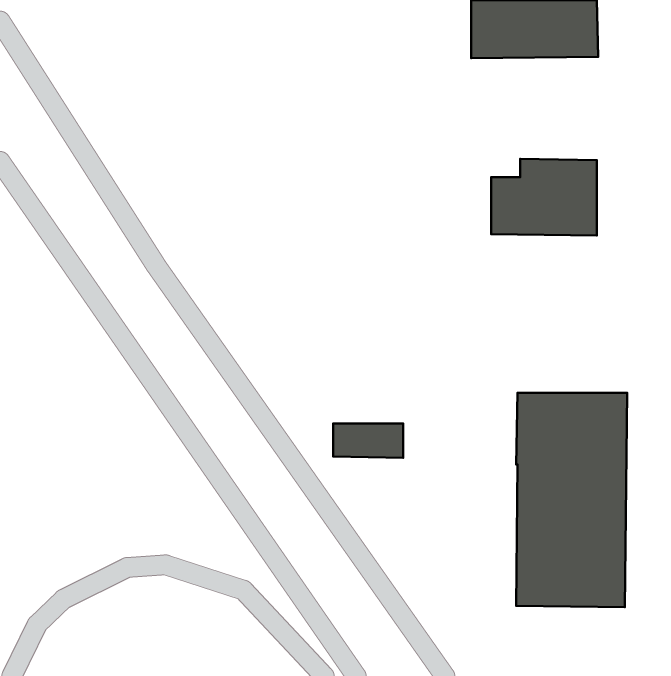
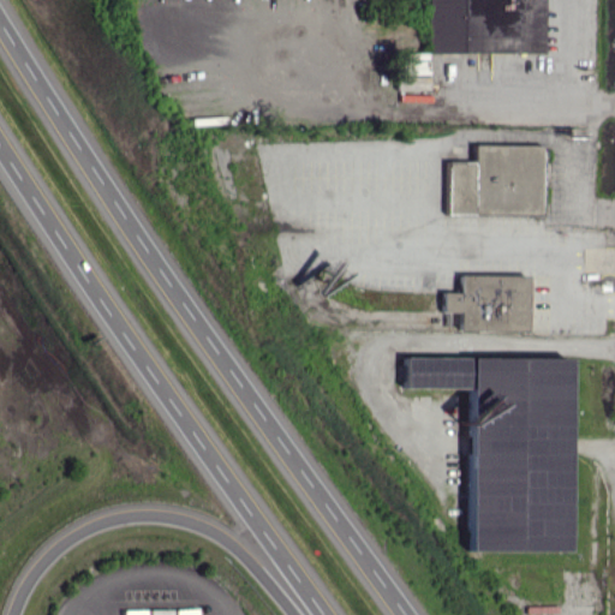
building: none -> [447,274,532,330]
building: [333,424,403,458] -> [410,357,473,388]

